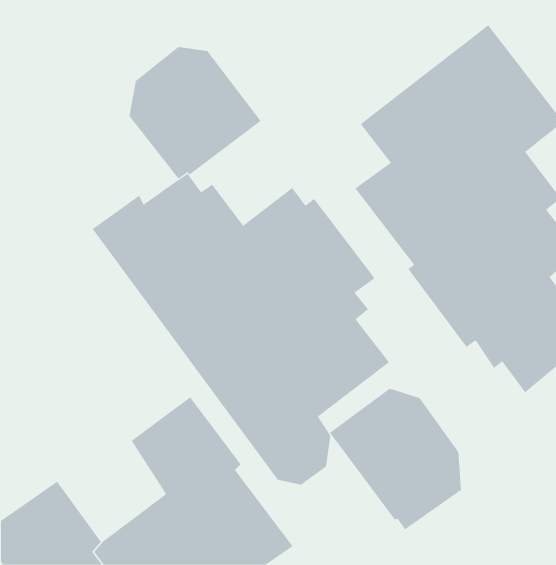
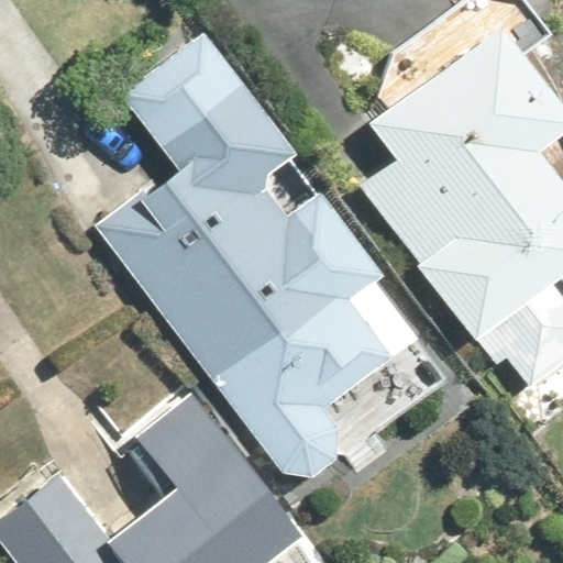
building: [329,388,462,530] -> none

